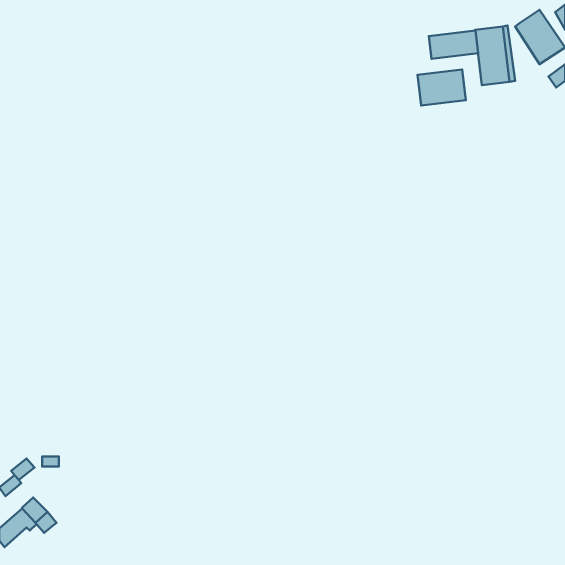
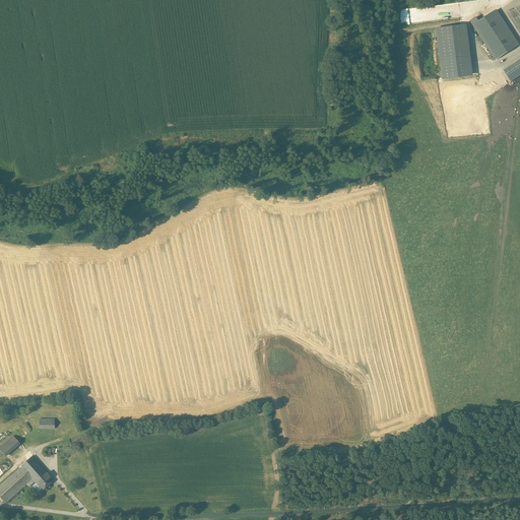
building: [429,31,478,59] -> none
building: [418,70,466,105] -> none

